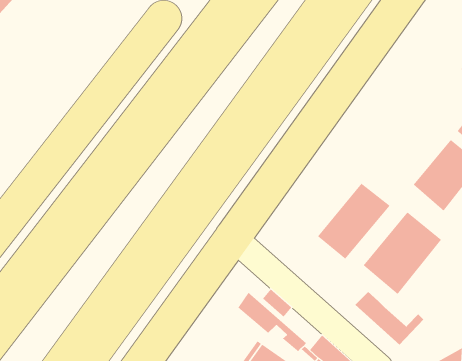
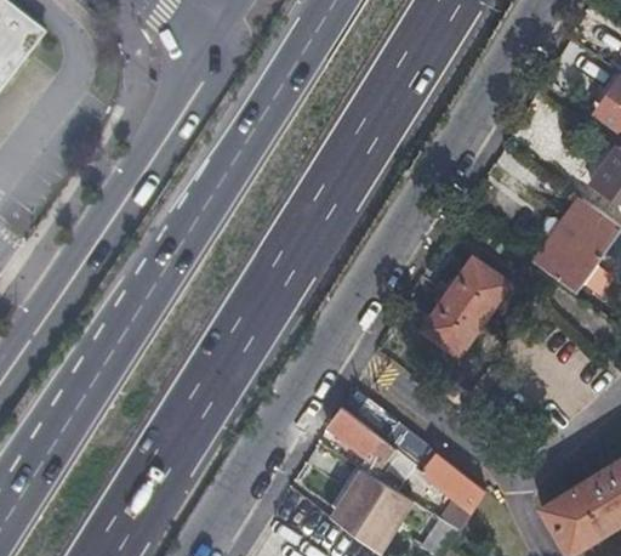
building: [363,211,442,295] -> none
building: [354,291,424,345] -> none

